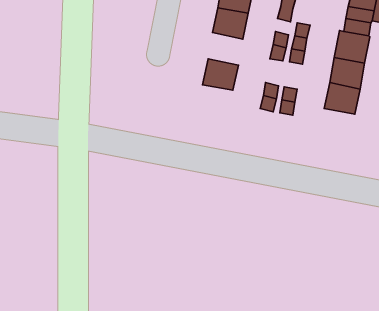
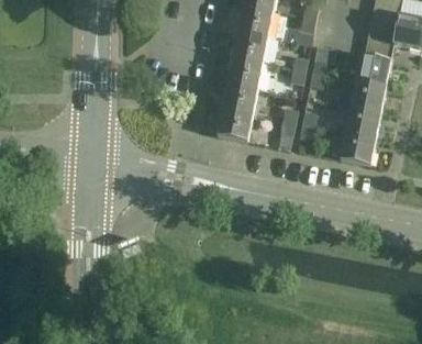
building: none -> [227,54,263,87]
building: none -> [216,107,253,138]
building: none -> [340,131,376,163]

